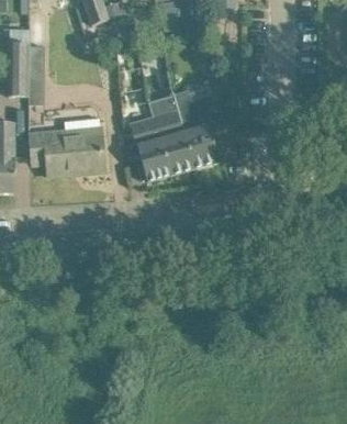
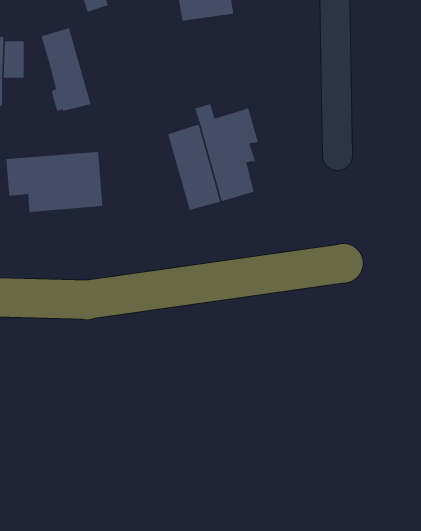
building: [130,115,168,179] -> [40,27,91,112]

